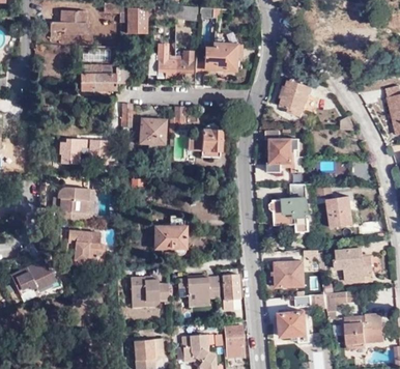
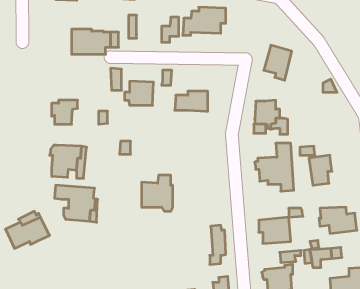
building: [152,44,173,79] -> none
building: [133,277,170,304] -> none
building: [180,277,222,300] -> none

